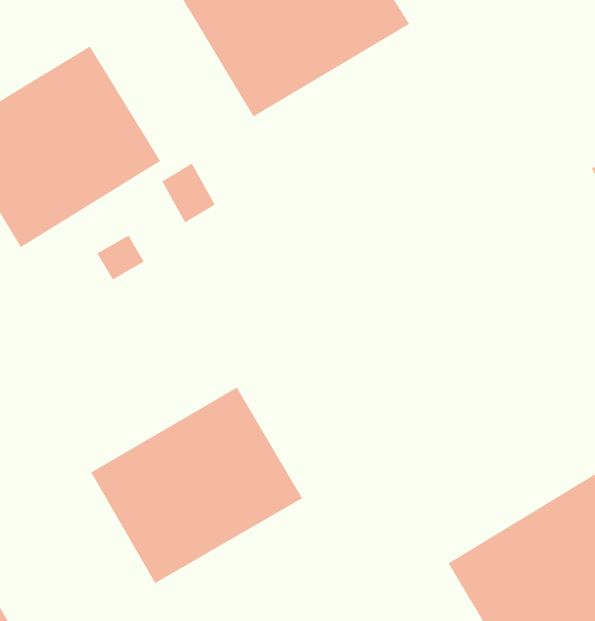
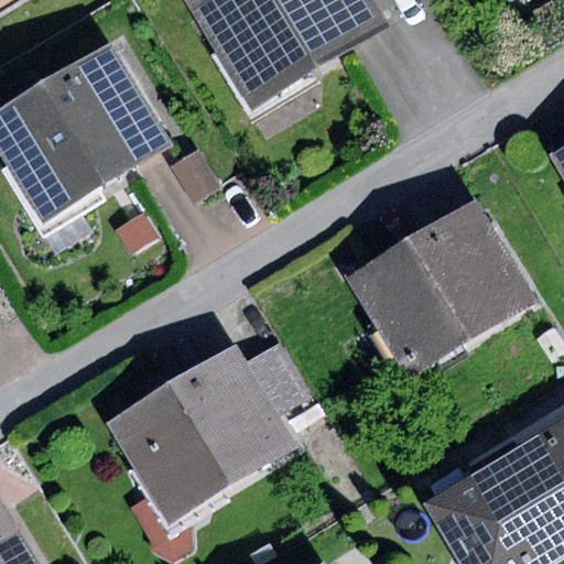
building: none -> [347,199,536,377]

